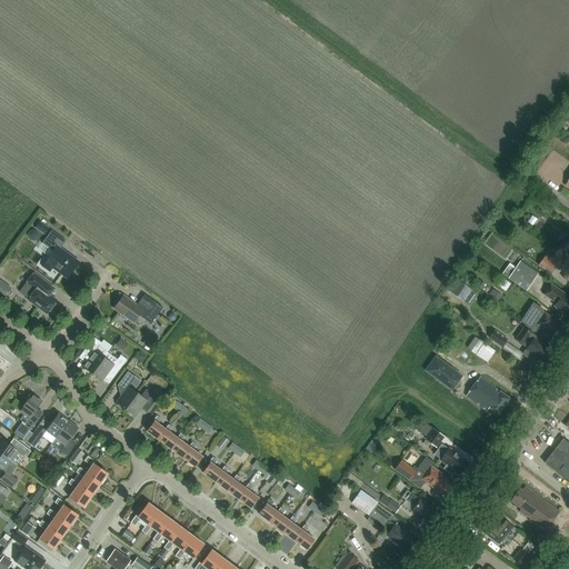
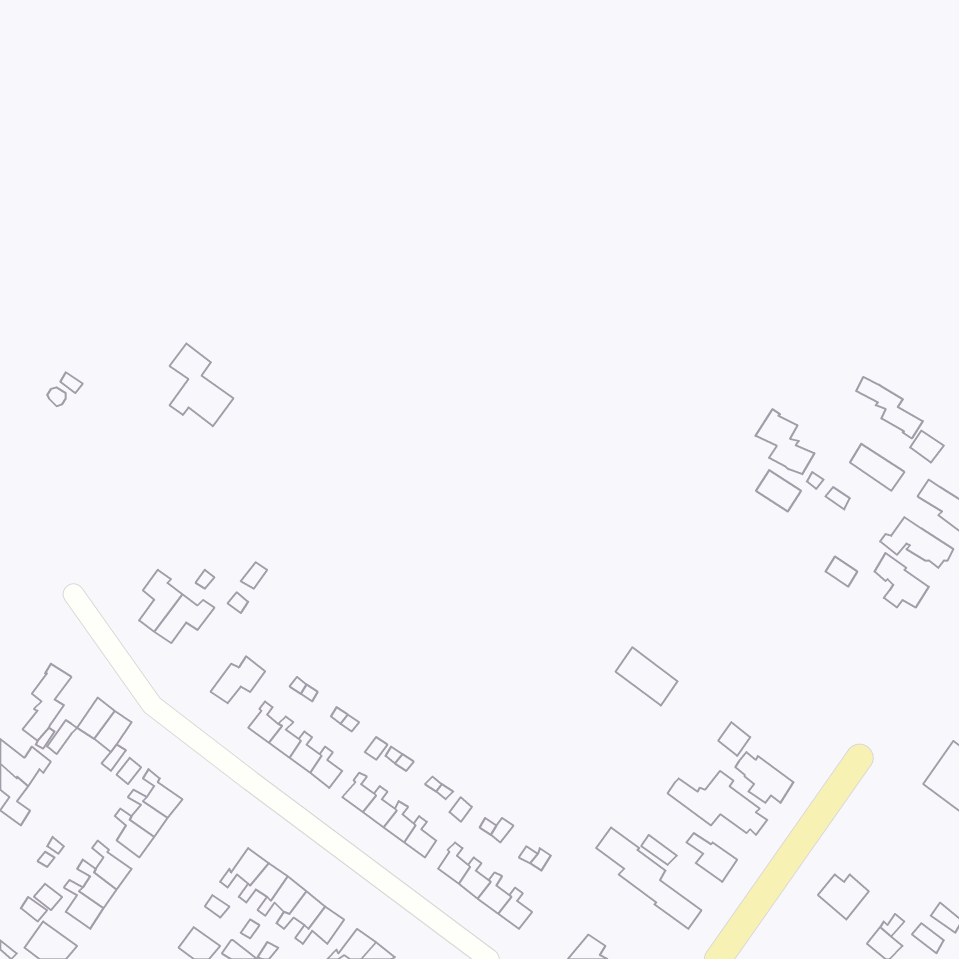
building: none -> [856,377,923,438]
building: [42,229,80,278] -> [170,343,233,426]
building: none -> [755,409,814,474]
building: [20,271,57,312] -> none
building: [114,296,156,321] -> none
building: [427,356,463,390] -> [616,647,678,706]
building: [117,370,142,409] -> none
building: [468,377,511,413] -> none
building: [512,487,561,531] -> none

